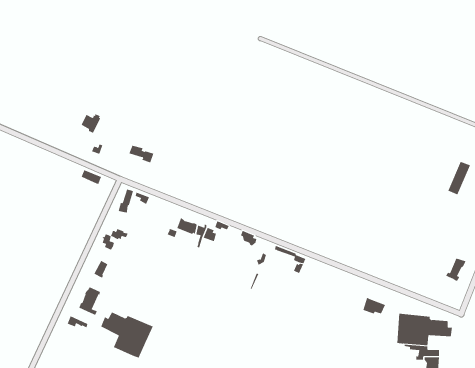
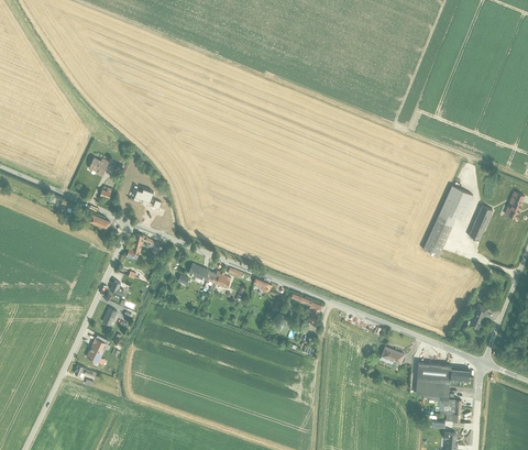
building: none -> [422,185,472,255]
building: [101,311,153,358] -> none

